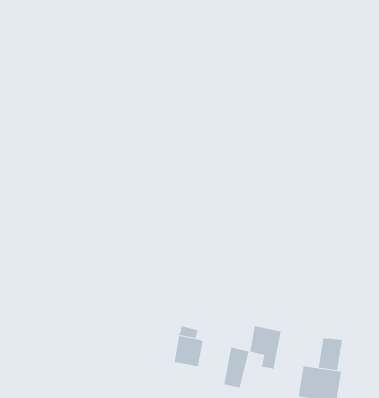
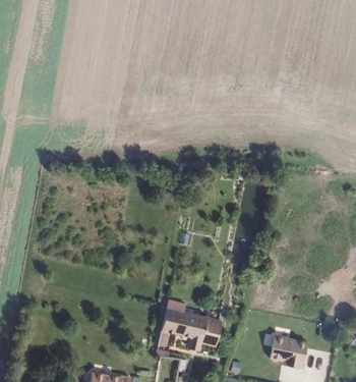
building: [249,326,281,369] -> [183,311,211,348]
building: [318,338,343,371] -> none

